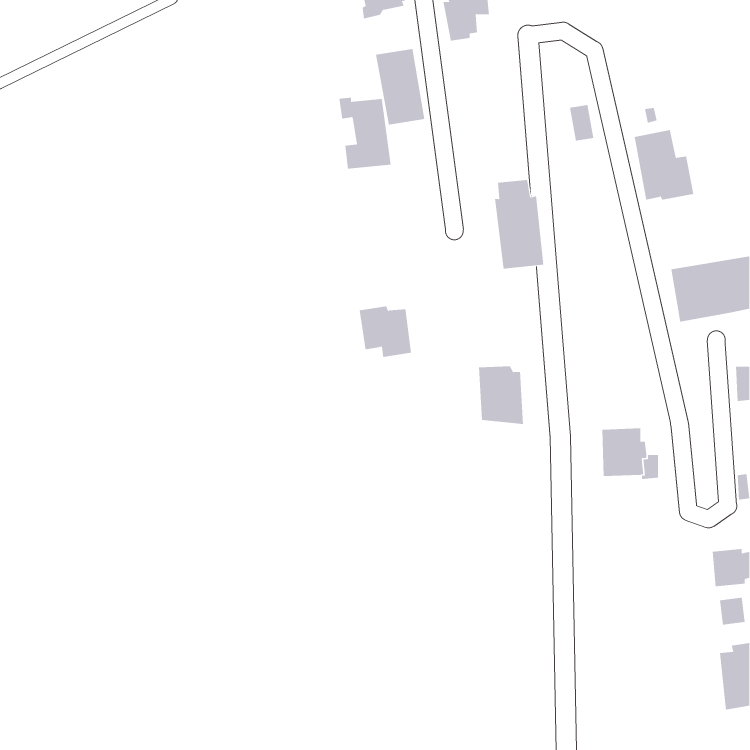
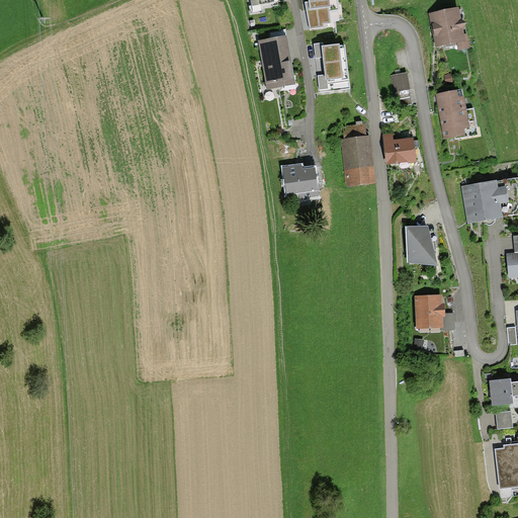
building: none -> [428,6,469,49]
building: [338,97,391,169] -> [313,41,349,91]
building: none -> [382,135,414,163]
building: [359,306,412,357] -> [282,163,319,198]
building: [478,366,524,425] -> [405,225,436,265]

